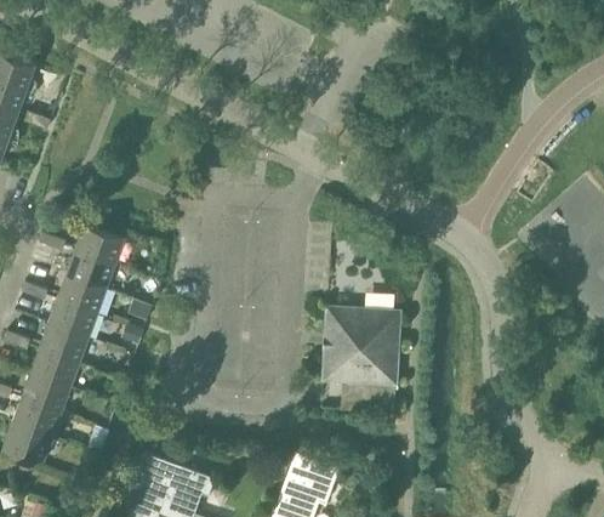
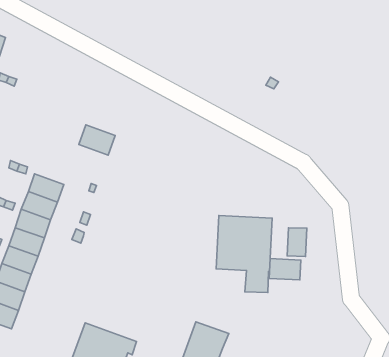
building: [74,225,124,266] -> [79,125,115,155]
building: none -> [287,228,307,256]
building: none -> [269,258,301,280]

